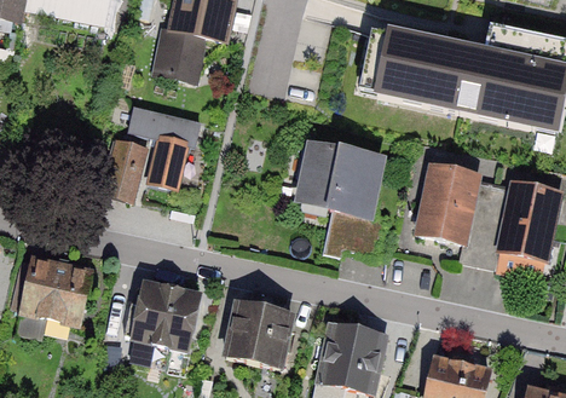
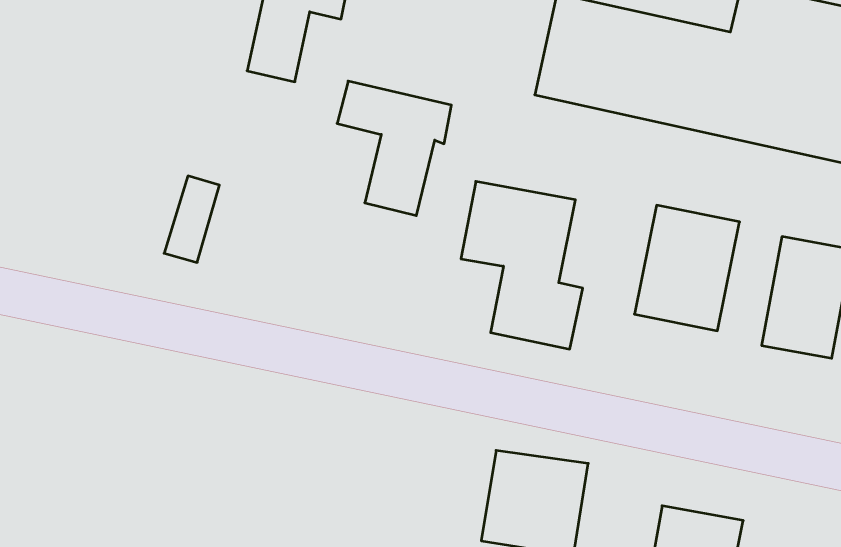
building: [127,103,202,191] -> [337,81,451,216]
building: [18,258,89,322] -> none
building: [128,279,203,346] -> none
building: [227,304,299,369] -> none

